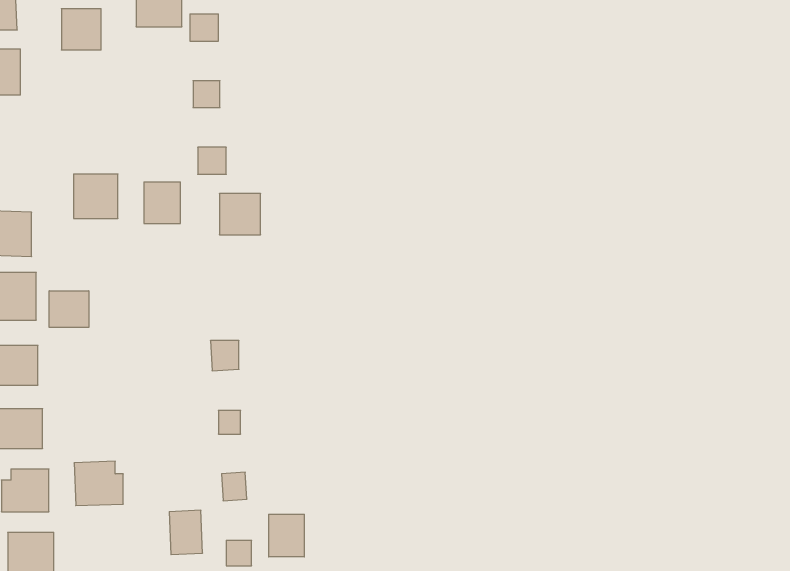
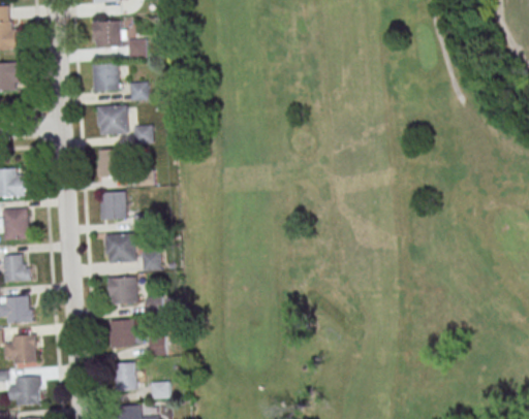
building: [61,9,101,50] -> [93,64,119,91]
building: [74,174,118,218] -> [98,105,127,134]
building: [219,194,261,235] -> [100,192,127,219]
building: [49,291,89,327] -> none
building: none -> [105,233,134,261]
building: none -> [110,277,136,303]
building: [74,461,123,506] -> [110,319,142,348]
building: [269,514,304,557] -> none

